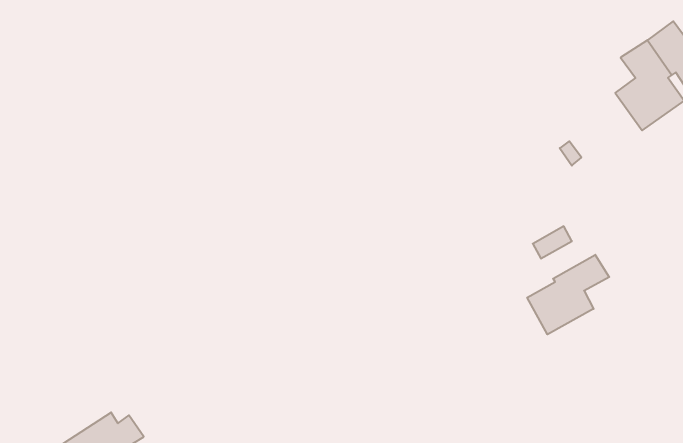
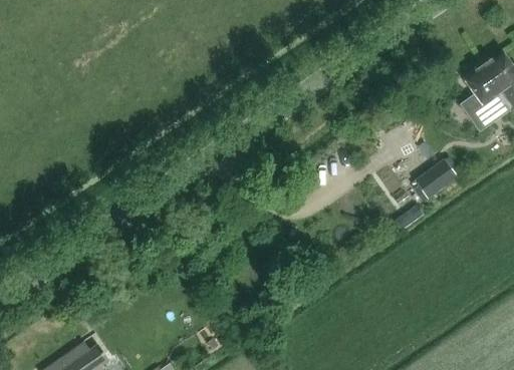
building: none -> [415,158,458,199]
building: [527,255,609,334] -> none

